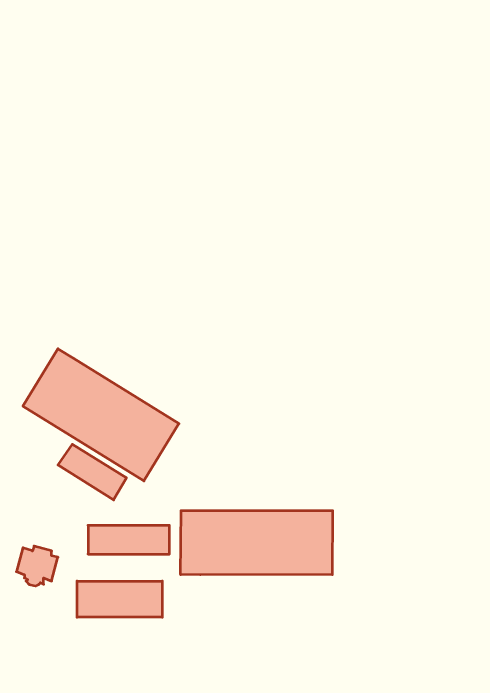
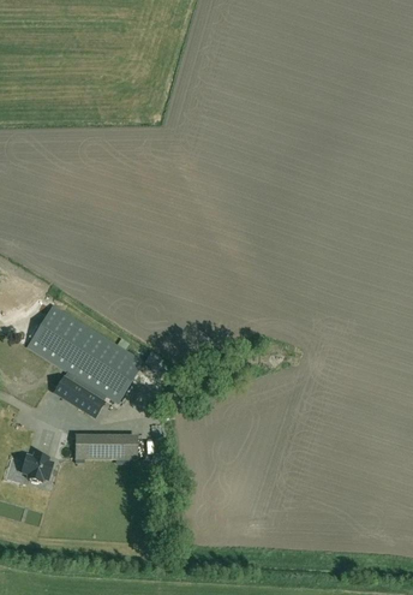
building: [181,511,333,575] -> none
building: [77,581,162,617] -> none

